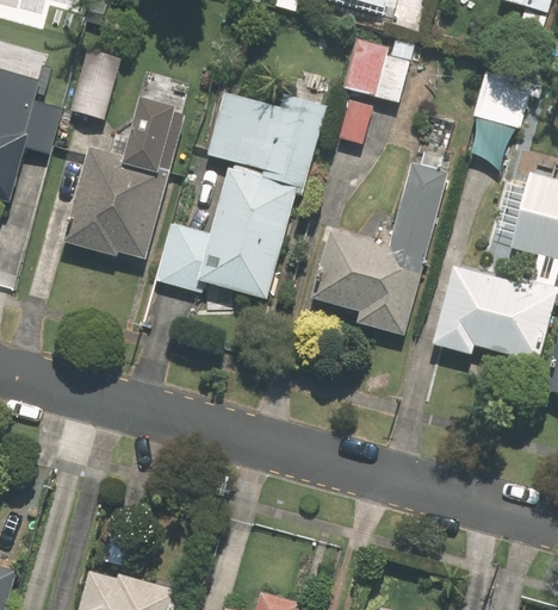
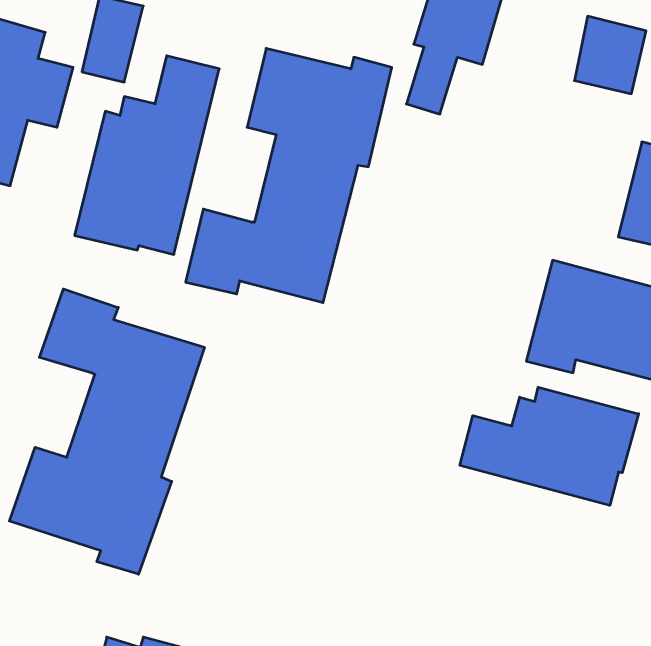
building: [312,162,447,336] -> none
building: none -> [9,289,204,574]
building: none -> [460,387,639,505]

